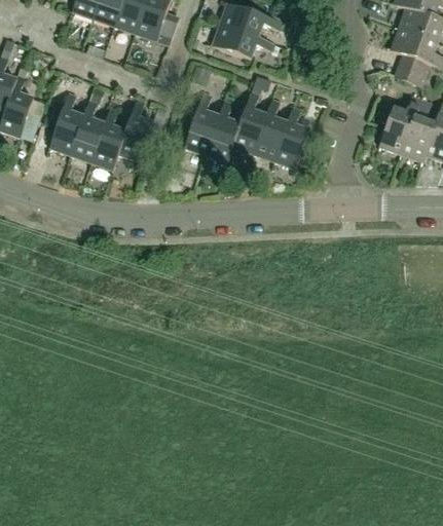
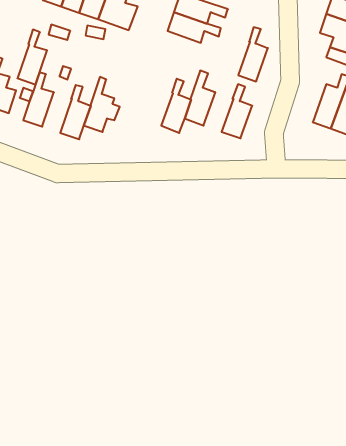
building: [185,92,220,153] -> none
building: [71,99,105,161] -> [17,30,47,85]
building: [255,99,289,160] -> [238,27,268,81]

